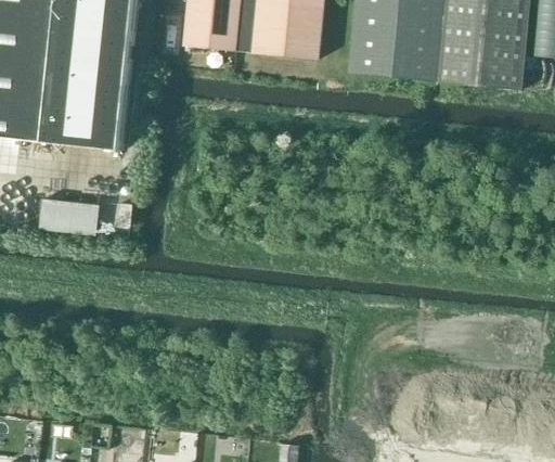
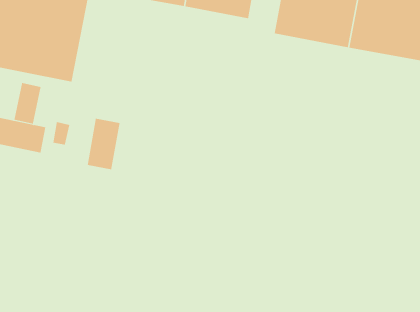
building: none -> [14,82,41,125]
building: none -> [87,118,120,170]

